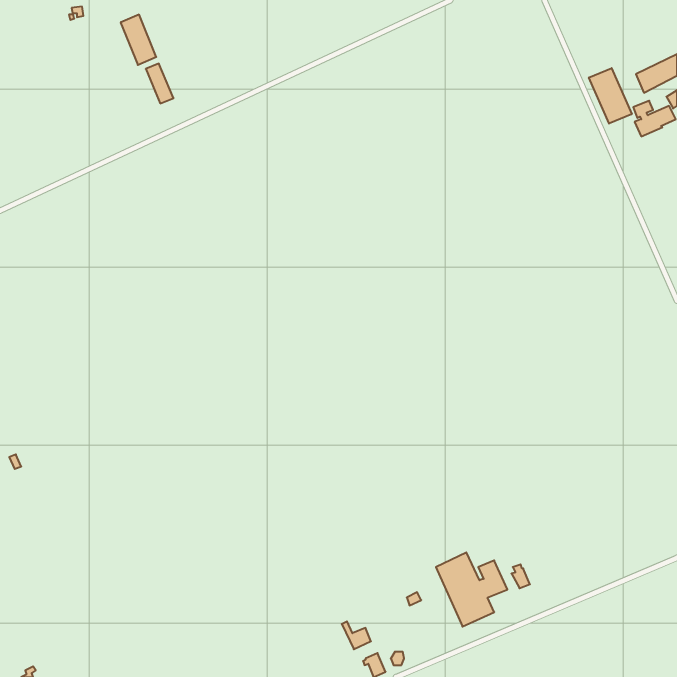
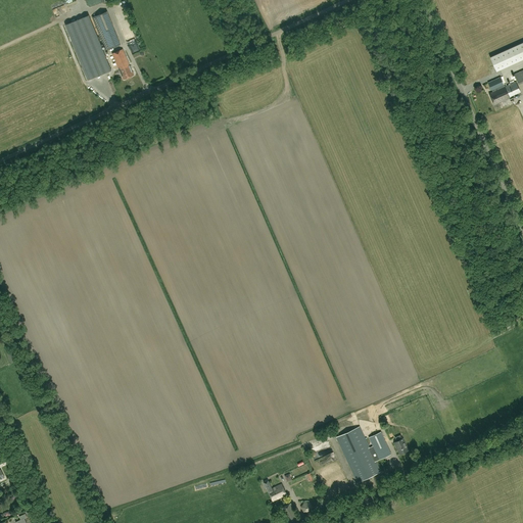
building: none -> [64,15,110,81]
building: [589,68,632,124] -> none

